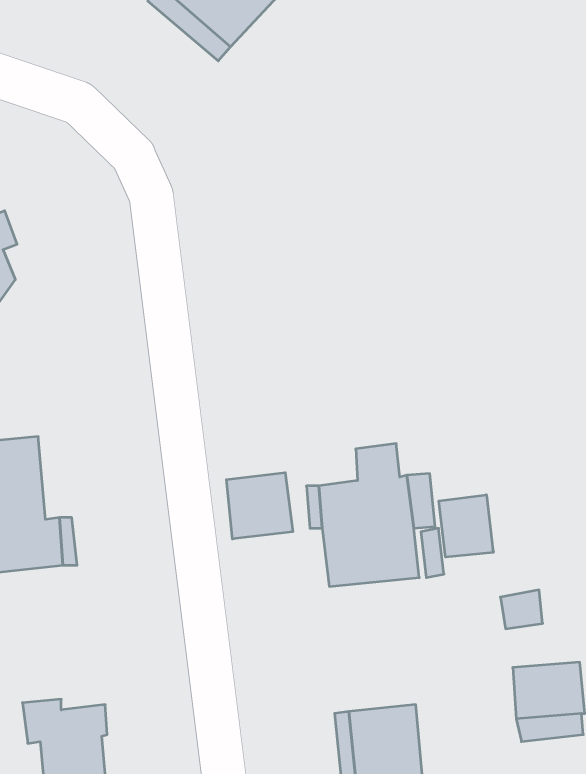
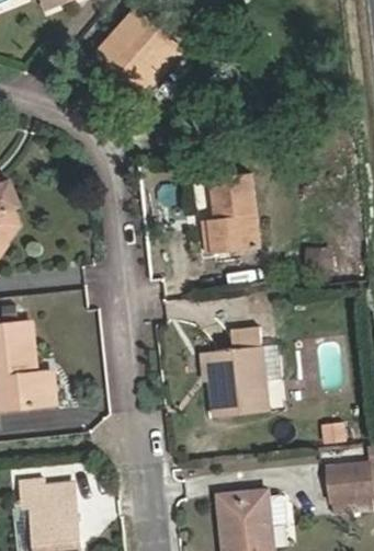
building: none -> [206,173,258,251]
building: [226,473,293,539] -> none
building: [439,495,493,557] -> none

